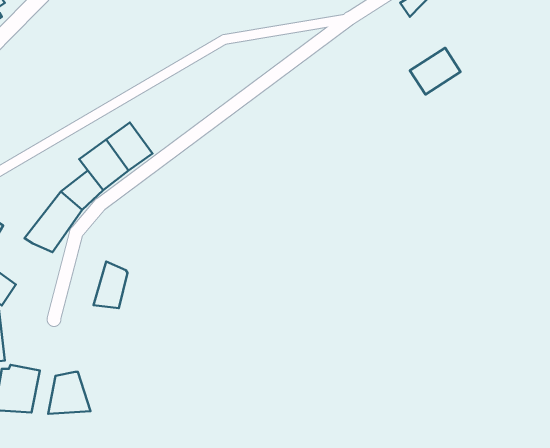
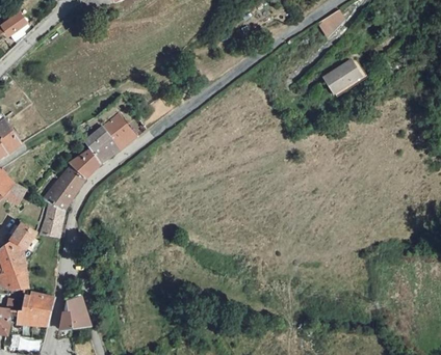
building: [94,262,127,308] -> [38,202,63,237]

